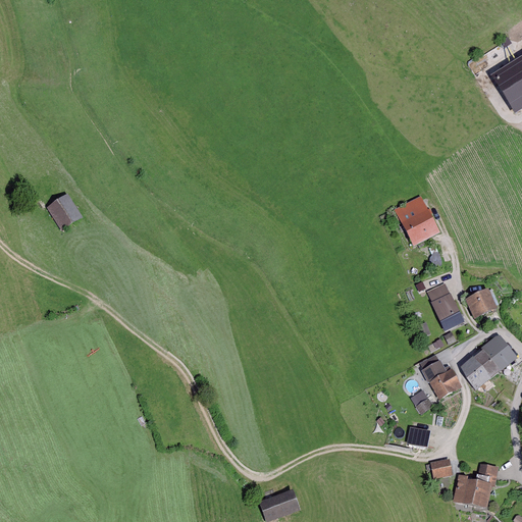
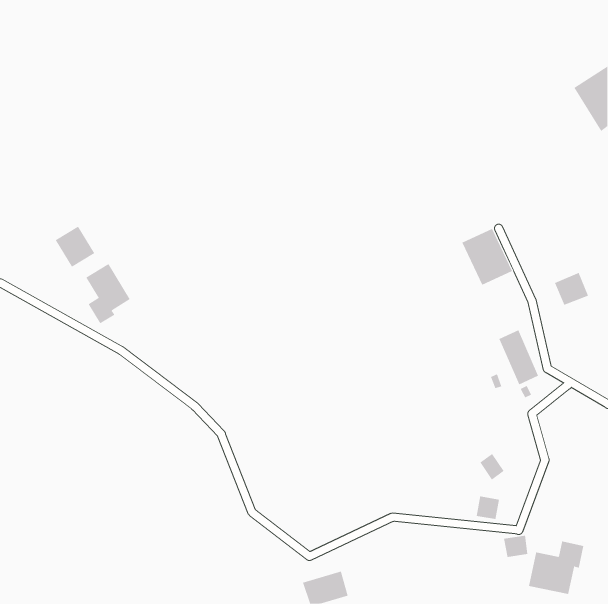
building: none -> [86,263,130,324]
building: [468,286,498,315] -> [554,272,589,305]
building: [462,333,516,385] -> none
building: [423,361,462,401] -> none

